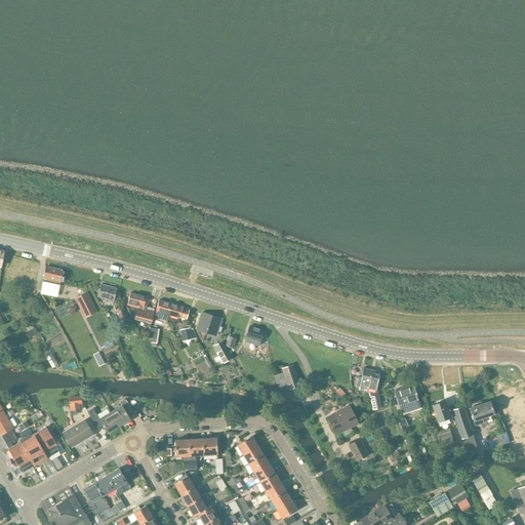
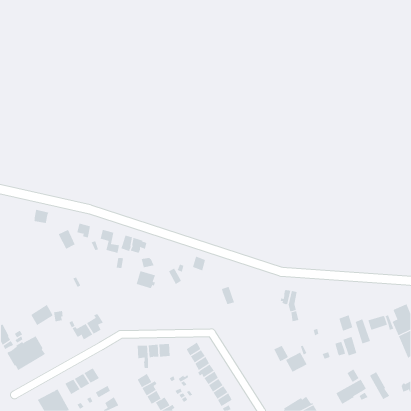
building: [196,312,221,335] -> [136,270,156,289]
building: [394,387,421,412] -> none
building: [328,407,357,434] -> [285,352,308,373]
building: [63,419,92,447] -> [30,304,54,326]

